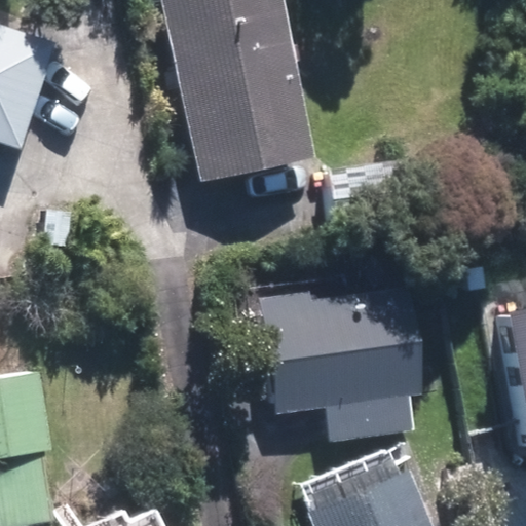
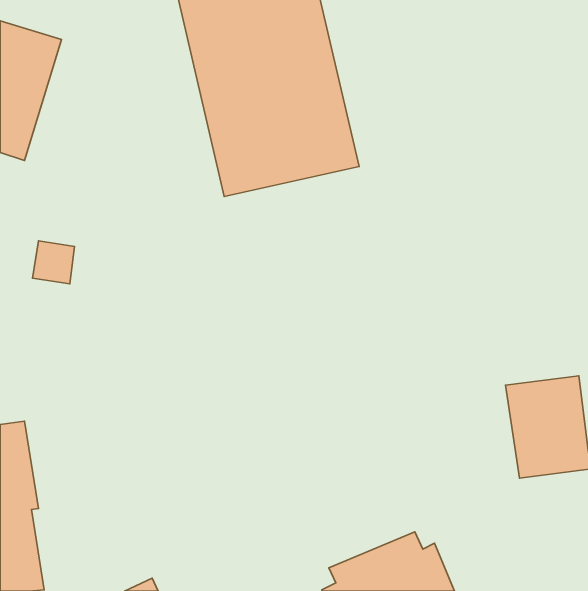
building: [253,277,408,447] -> none

